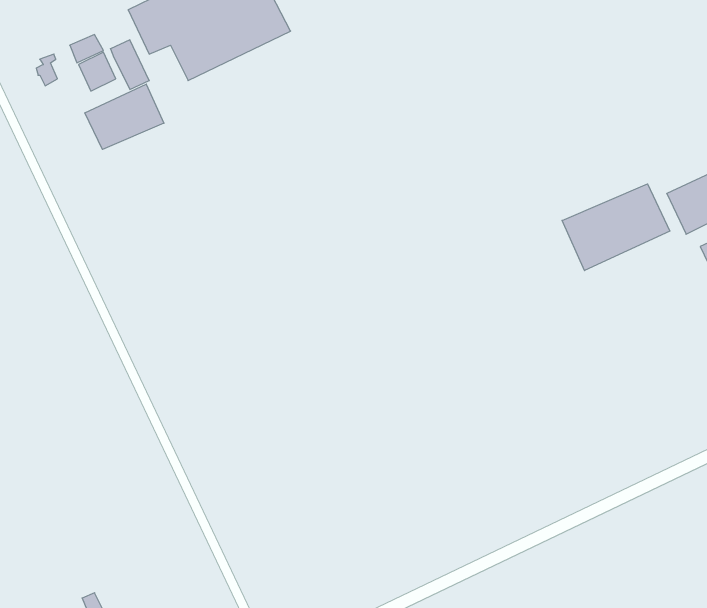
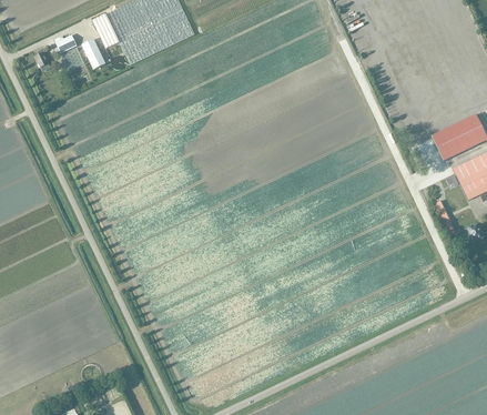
building: [85,84,164,149] -> none
building: [562,184,670,271] -> none

